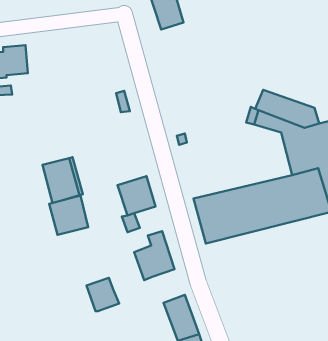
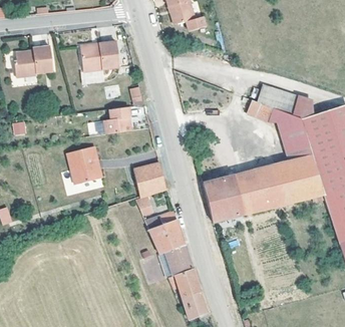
building: none -> [79,39,118,68]
building: none -> [103,105,130,132]
building: [49,196,88,235] -> none
building: [87,278,119,311] -> [164,245,194,275]

